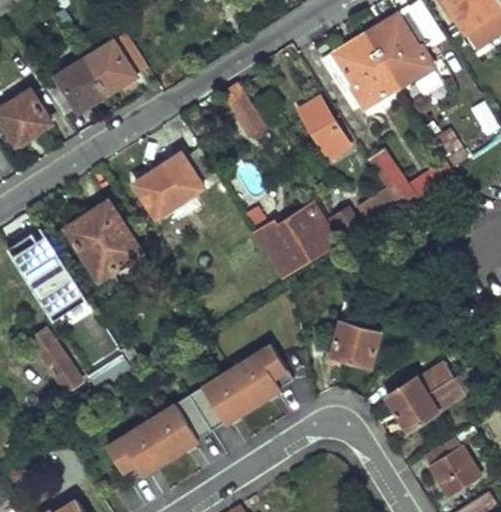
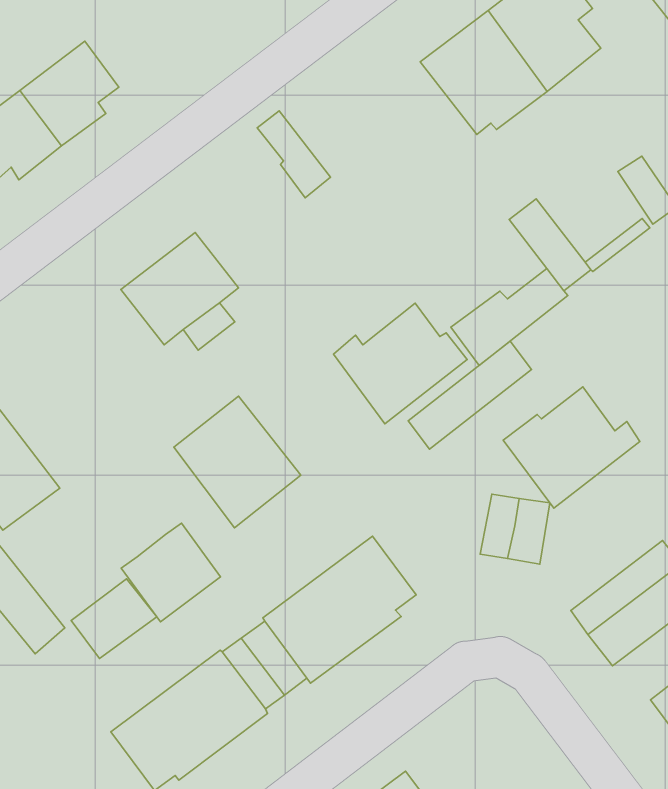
building: [299,99,351,159] -> none
building: [66,202,140,280] -> [174,396,301,528]
building: none -> [408,341,531,449]
building: none -> [503,387,640,508]
building: none -> [121,523,221,622]

